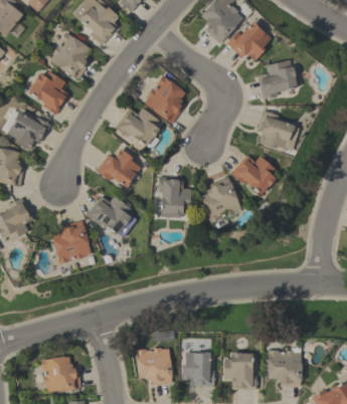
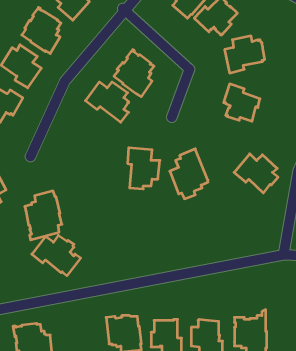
building: [96,149,141,189] -> none
building: [230,155,276,195] -> [234,154,278,193]
building: [86,196,137,237] -> [32,235,81,276]

